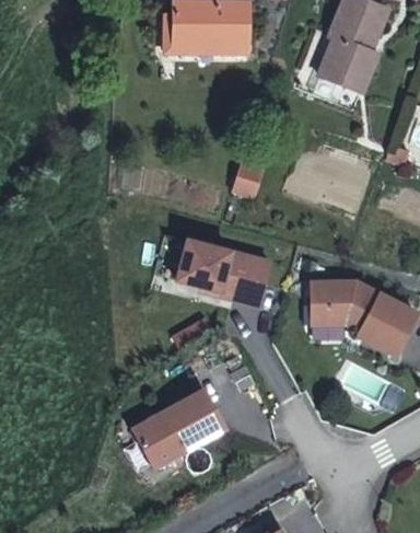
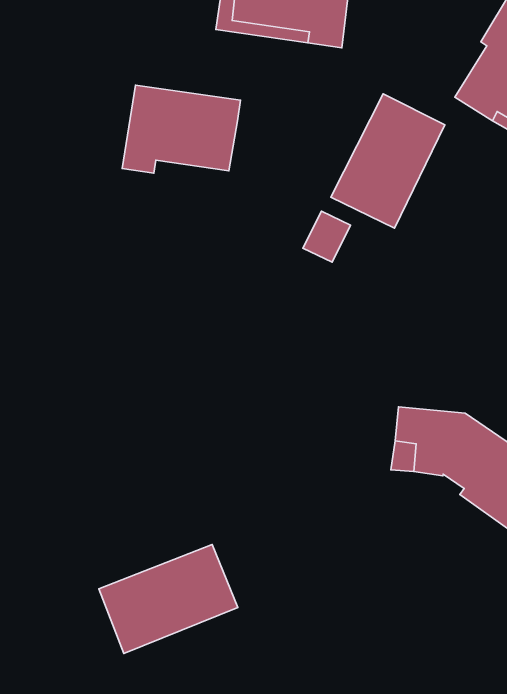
building: none -> [331,94,445,228]
building: none -> [122,85,240,173]
building: [172,240,268,306] -> none

